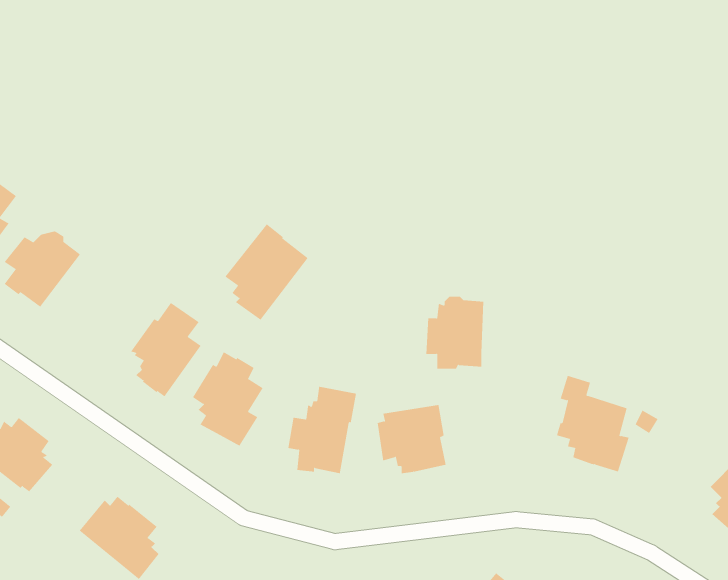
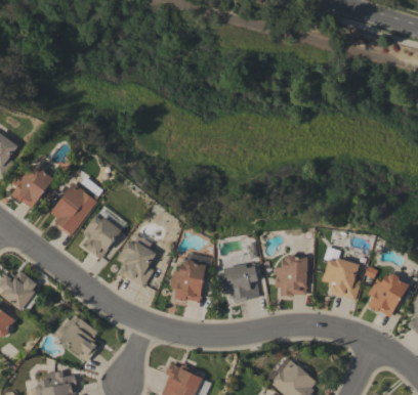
building: [224,224,308,320] -> [50,182,97,236]
building: [426,296,484,369] -> [275,255,307,296]
building: none -> [368,272,411,317]

